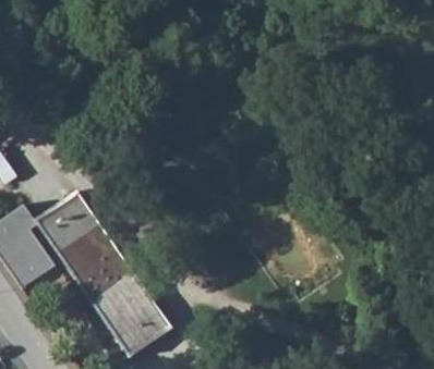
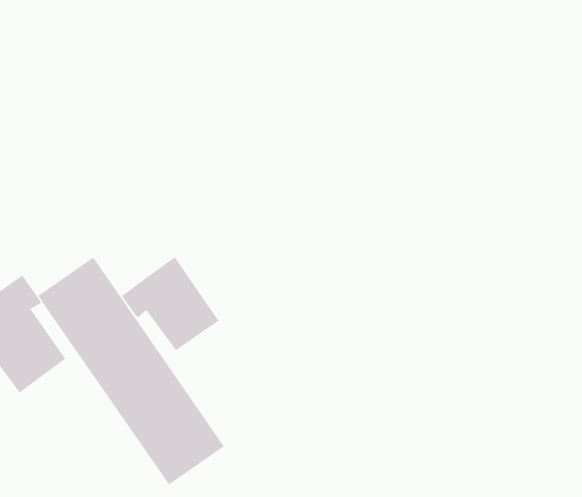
building: none -> [121,256,220,351]

